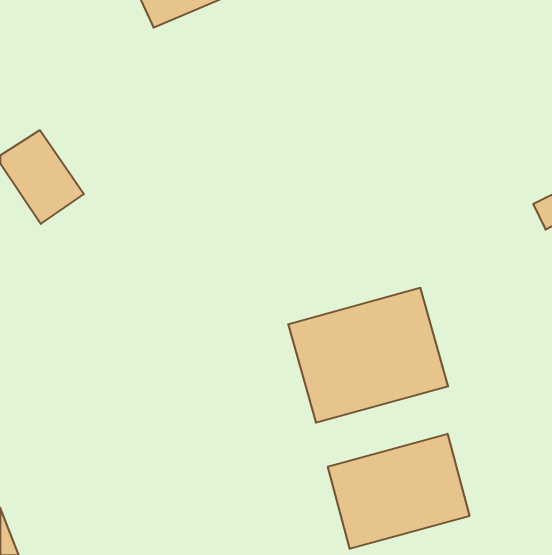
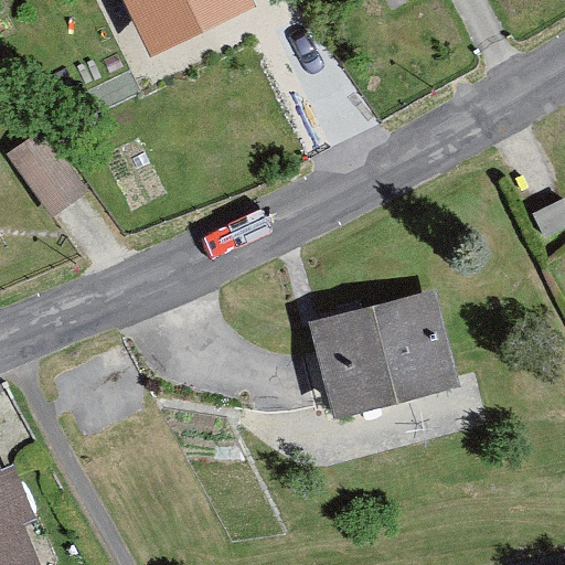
building: [328,434,469,549] -> none

